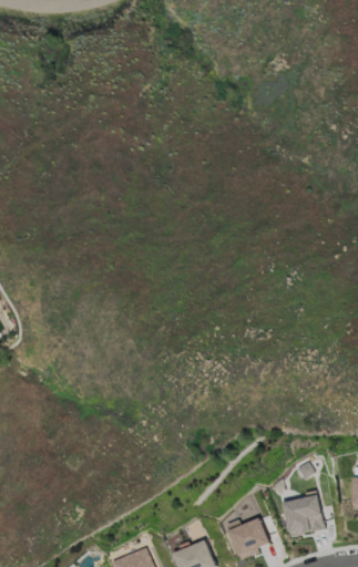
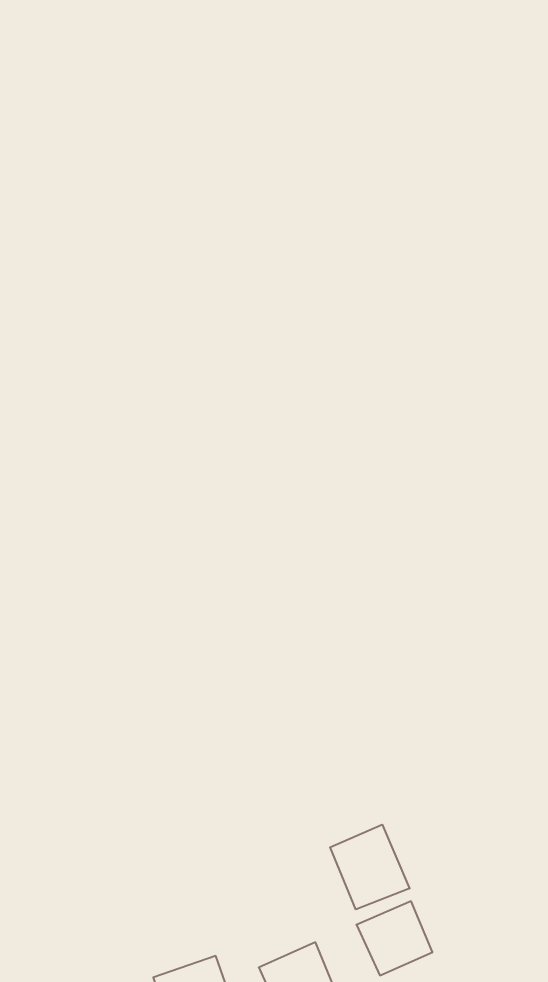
building: none -> [330,825,410,909]
building: [282,494,323,536] -> none

